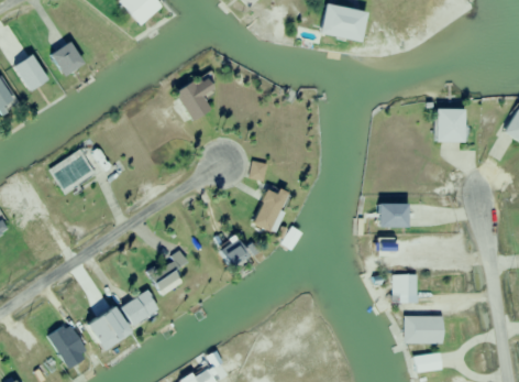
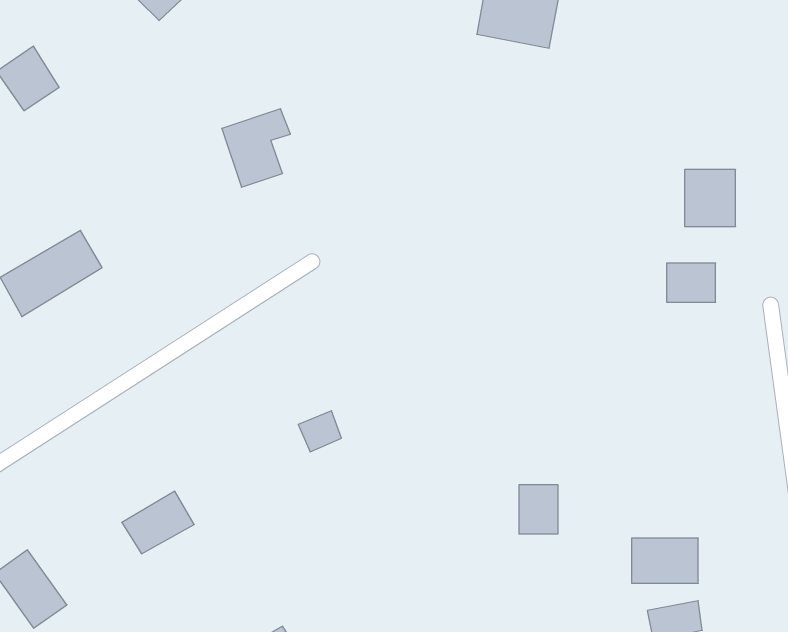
building: [253,185,290,233] -> none
building: [377,205,405,227] -> [667,263,716,302]
building: [150,252,190,294] -> none
building: [397,275,419,303] -> [519,485,558,534]
building: [87,306,126,342] -> none

